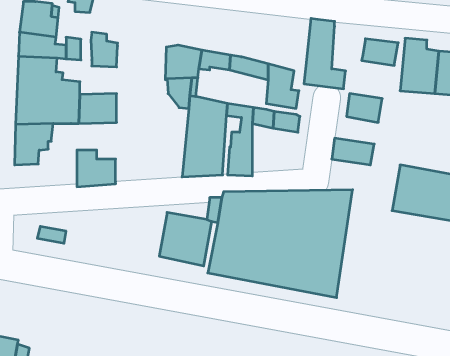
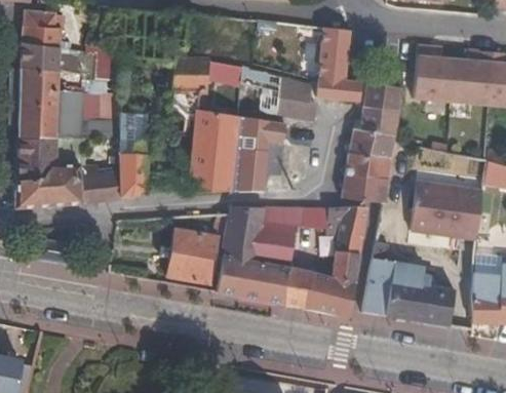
building: [362,39,398,65] -> [363,83,401,111]
building: none -> [121,117,149,197]
building: none -> [348,128,393,158]
building: none -> [15,136,81,208]
building: none -> [341,173,385,200]
building: none -> [361,238,452,326]

